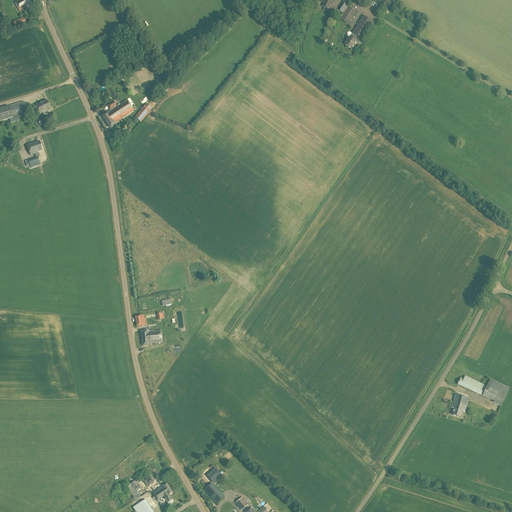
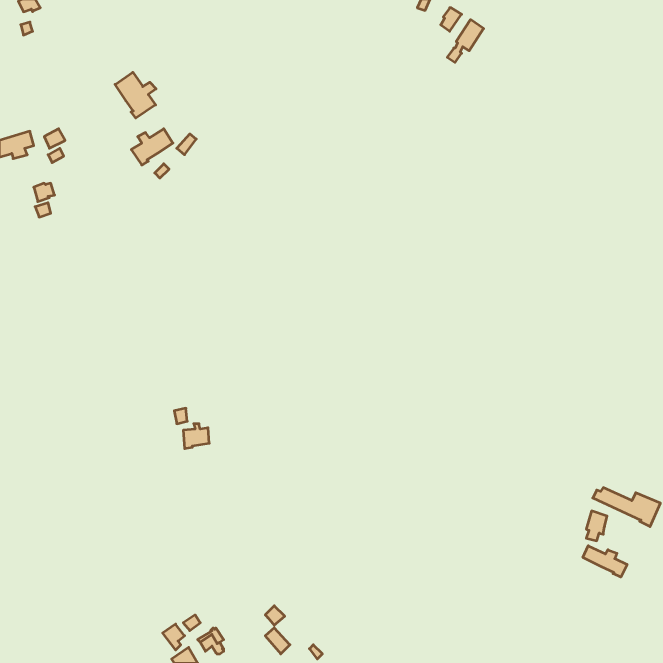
building: none -> [115,72,156,118]
building: none -> [583,546,627,577]

